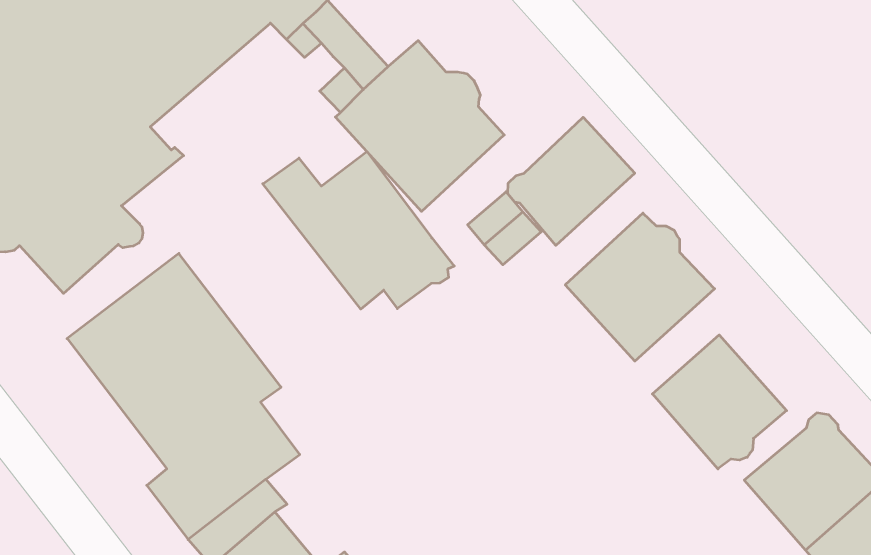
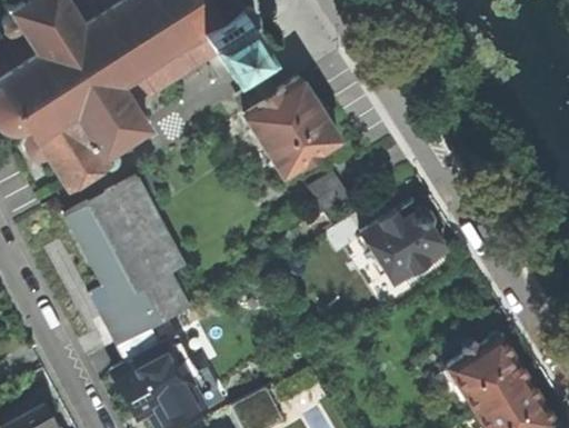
building: [508,117,635,245] -> none
building: [263,151,454,309] -> none
building: [652,335,787,469] -> none

